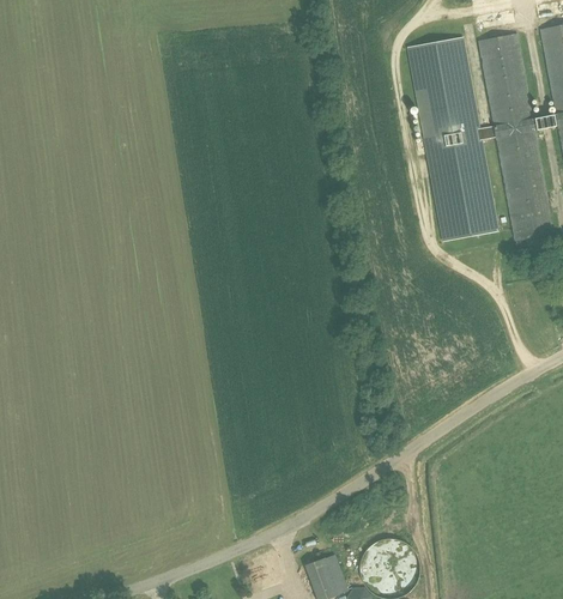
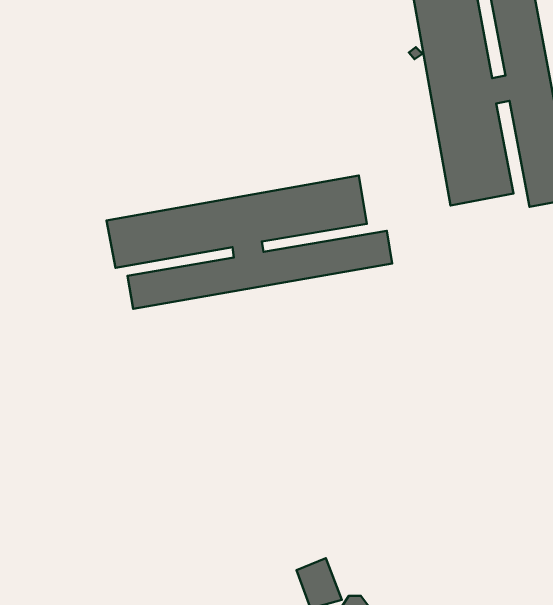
building: none -> [107,175,392,309]

